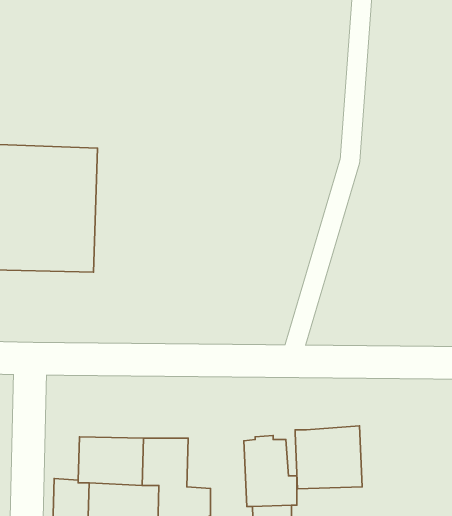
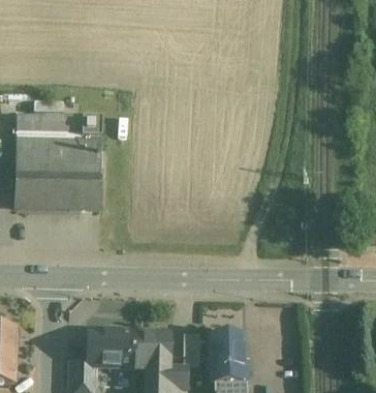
building: [295,426,362,489] -> none
building: none -> [183,332,201,366]

